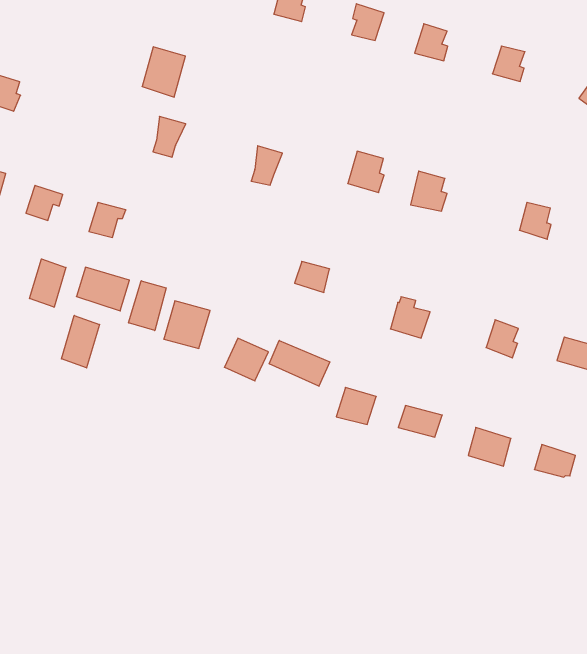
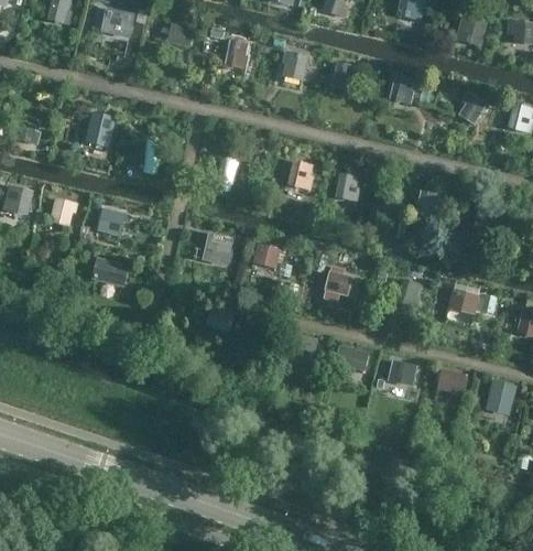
building: [142,47,185,97] -> [86,112,117,149]
building: [30,259,66,307] -> none
building: [129,281,166,331] -> none
building: [164,301,210,348] -> [202,233,235,267]
building: [61,315,100,368] -> none
building: [269,340,330,386] -> none

